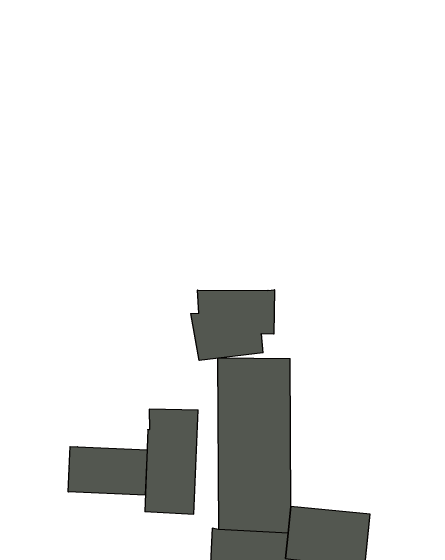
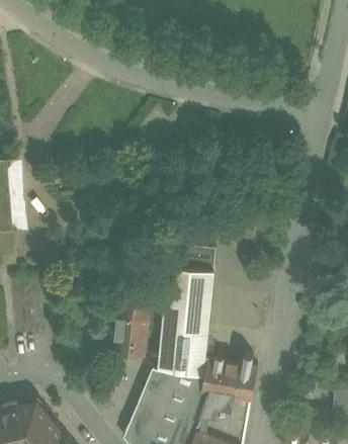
building: [191,290,274,360] -> none
building: [68,447,147,495] -> none

